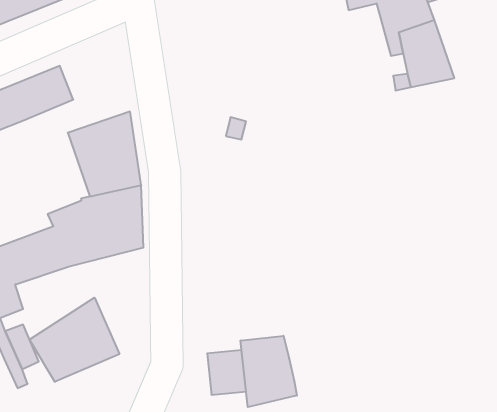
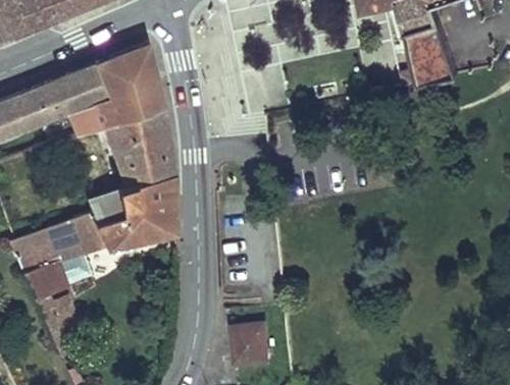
building: none -> [65,44,163,134]
building: [29,298,119,382] -> none
building: [241,336,297,407] -> none

